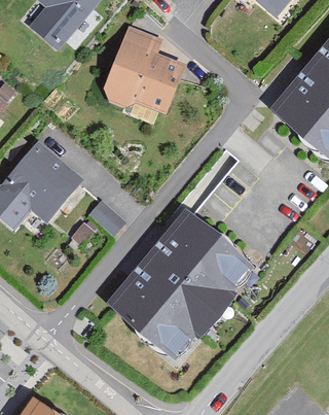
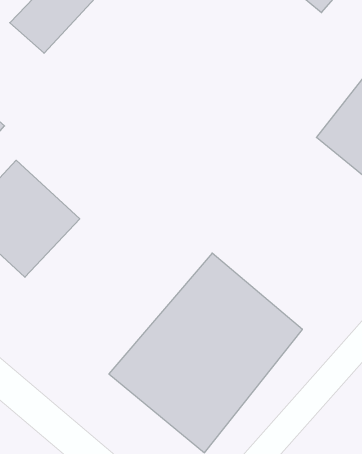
building: [95,30,190,127] -> none

